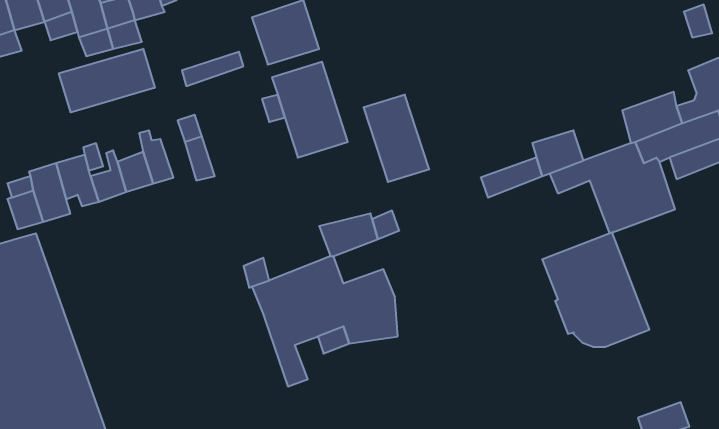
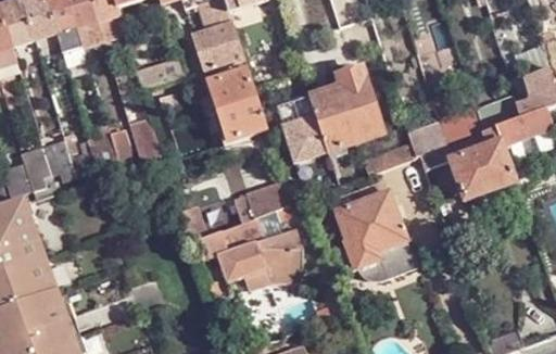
building: [59,49,155,112] -> none
building: none -> [308,66,381,150]
building: [542,232,649,347] -> [334,190,416,277]

